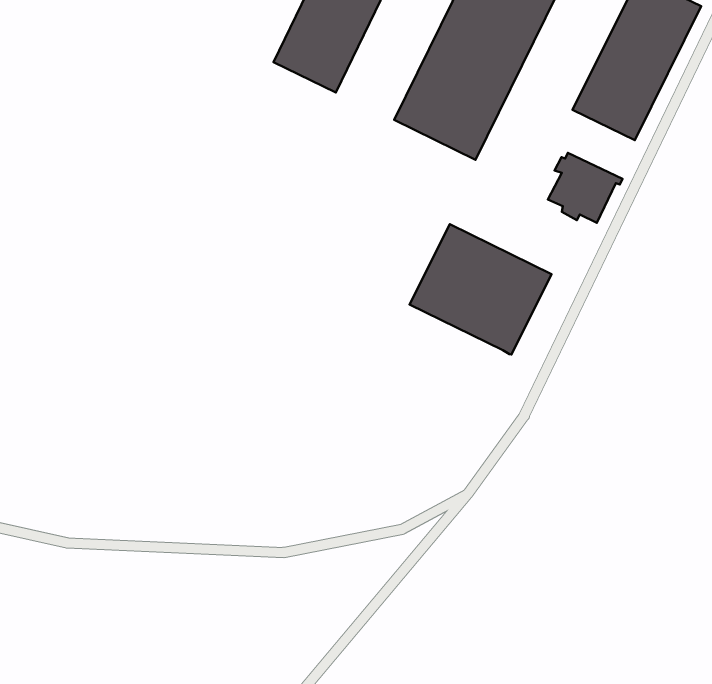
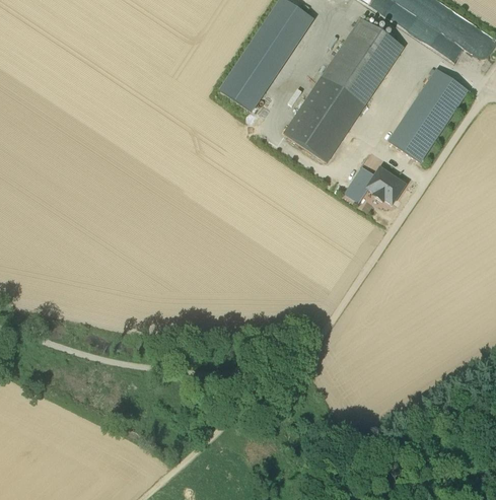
building: none -> [345,167,375,201]
building: [409,224,552,355] -> none

